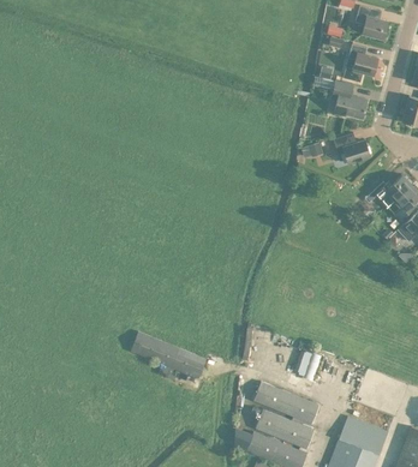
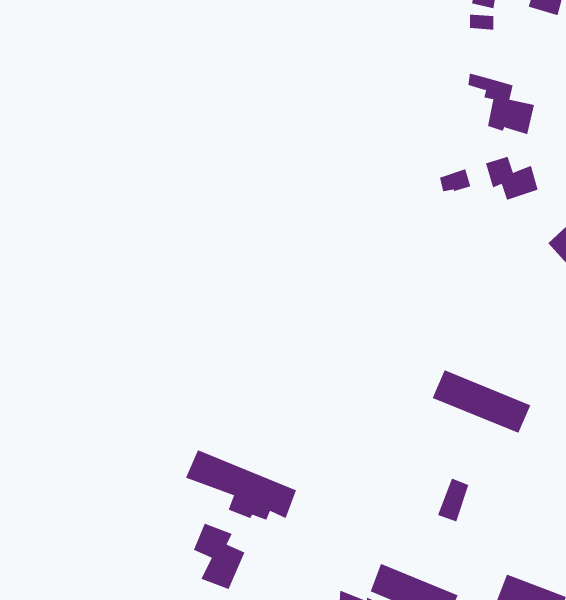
building: [344,43,378,82] -> none
building: [253,381,321,424] -> [432,370,531,434]
building: none -> [193,523,245,590]

